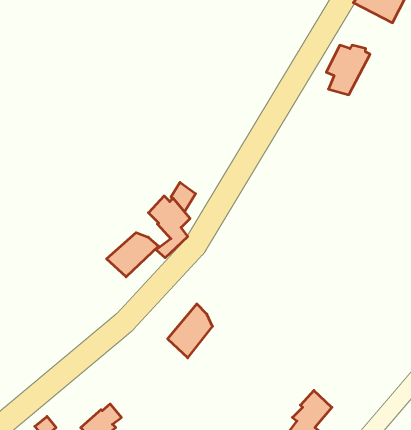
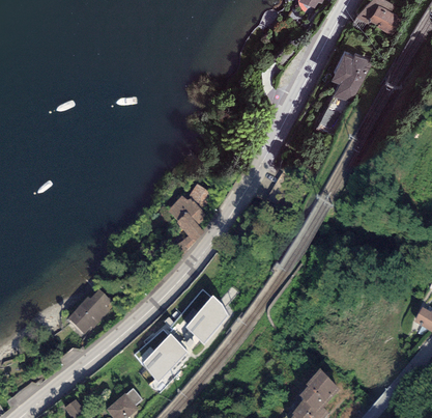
building: [107,233,159,277] -> none
building: none -> [66,287,114,333]
building: none -> [142,332,186,382]

